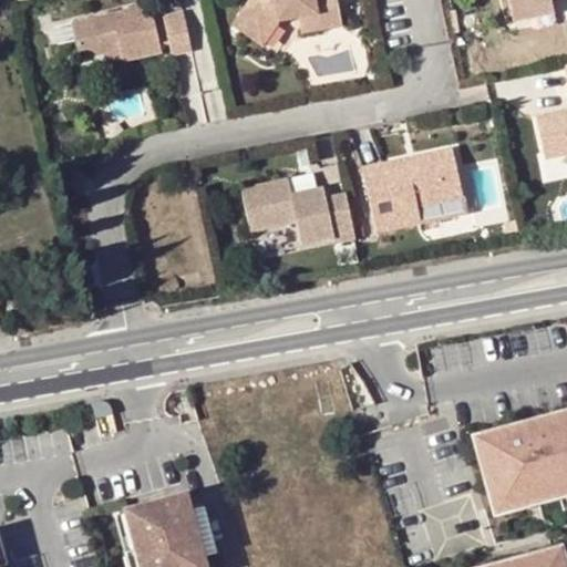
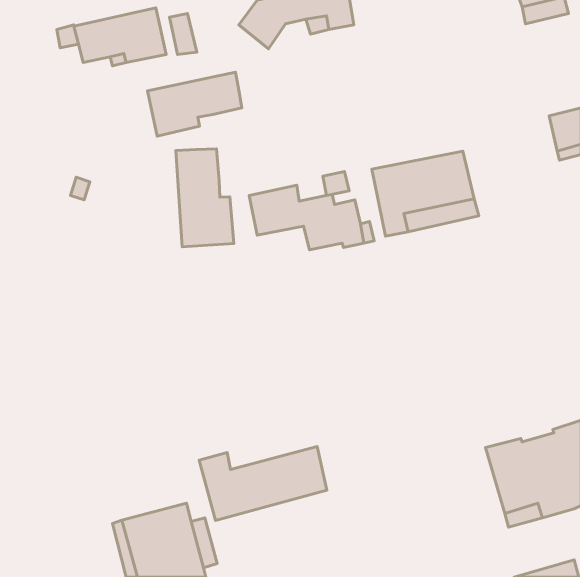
building: none -> [147,72,242,136]
building: none -> [176,149,234,247]
building: none -> [199,447,327,520]

